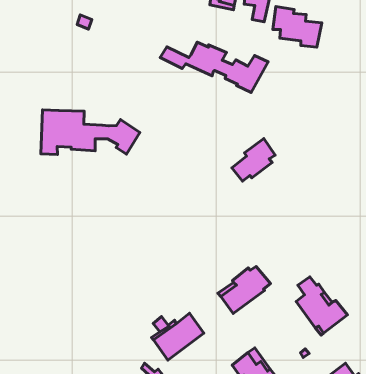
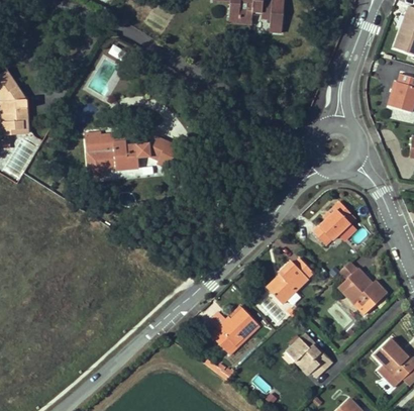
building: [273,7,322,47] -> none
building: [160,42,268,93] -> none
building: [232,138,275,181] -> [313,201,351,242]

